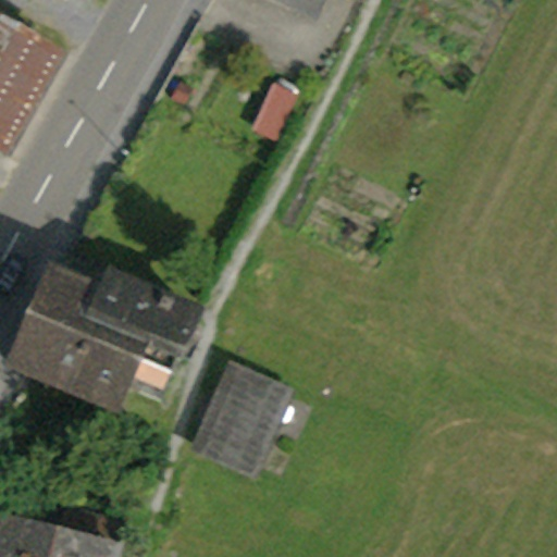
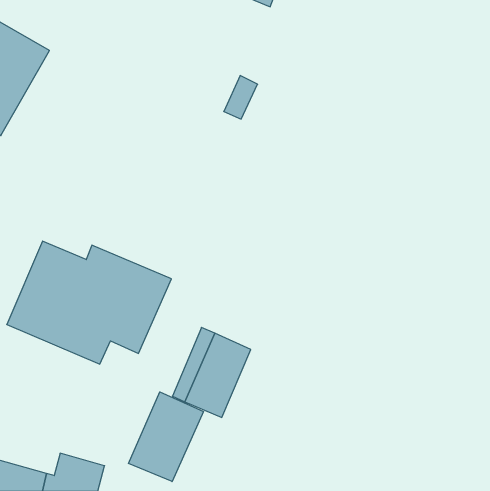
building: none -> [128,392,203,482]

